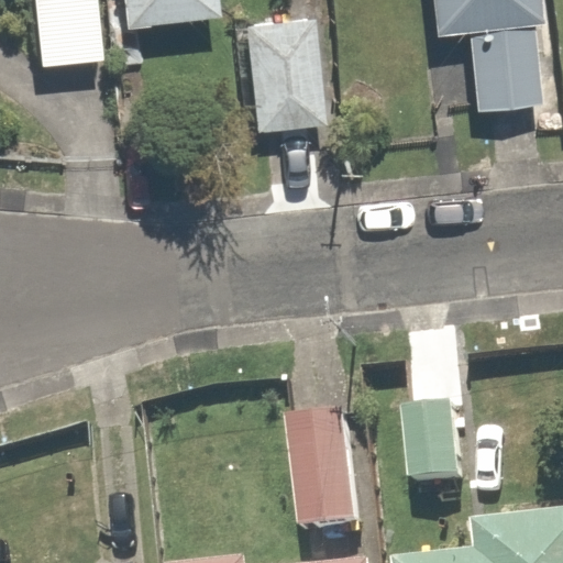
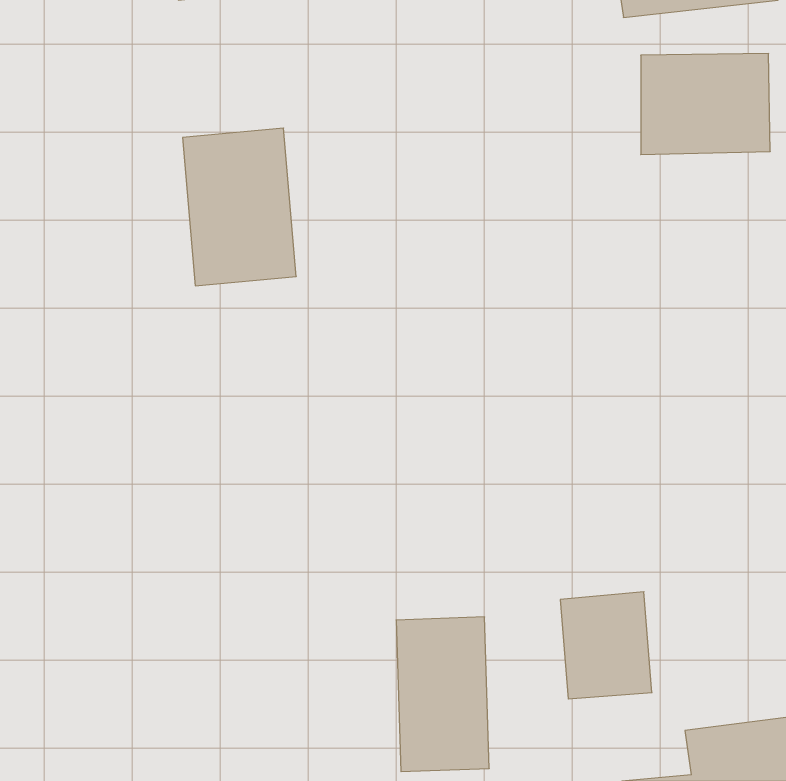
building: [241,29,320,139] -> [183,128,296,286]

